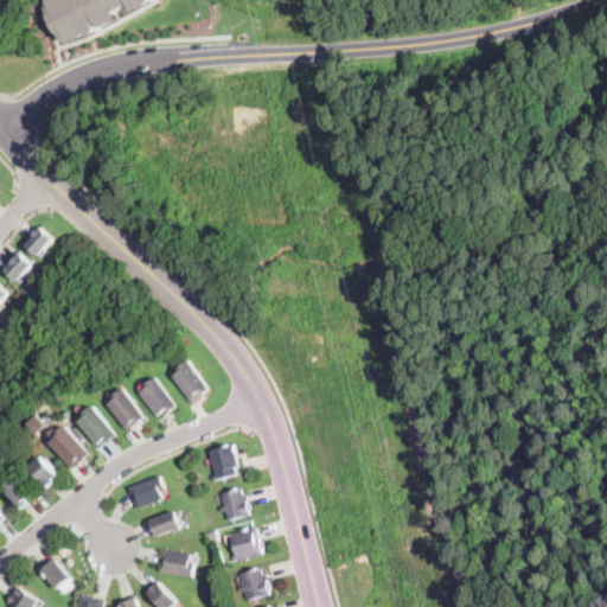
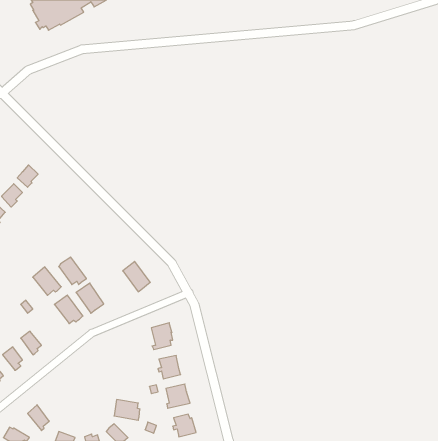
building: [136,377,174,415] -> [59,257,86,285]
building: [47,426,87,465] -> [33,267,61,295]
building: [127,474,165,507] -> none
building: [146,510,180,537] -> none

